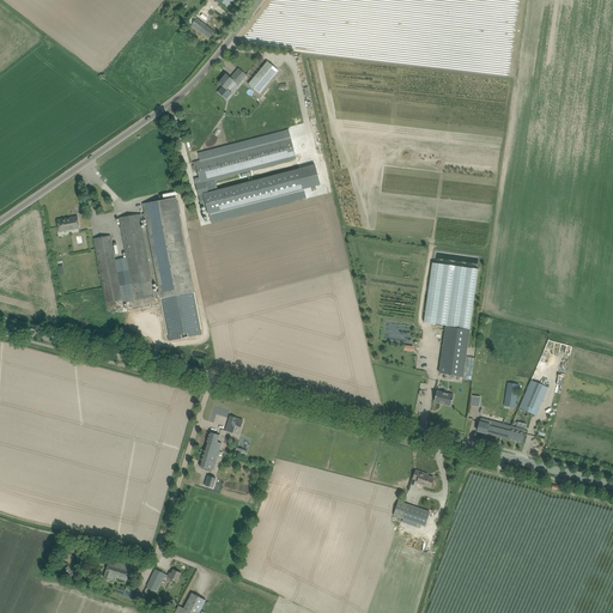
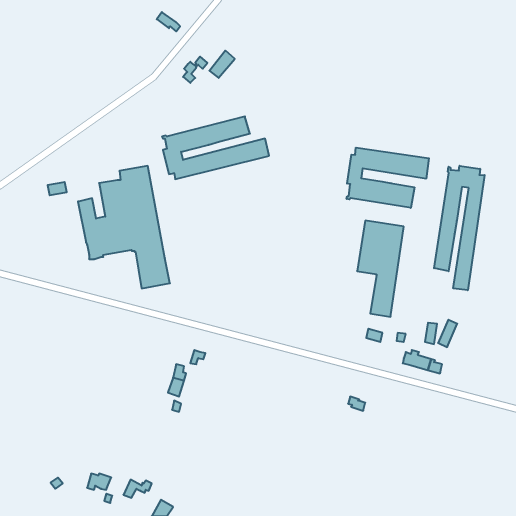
building: none -> [347,148,429,208]
building: none -> [434,166,485,290]
building: [392,499,429,526] -> none

